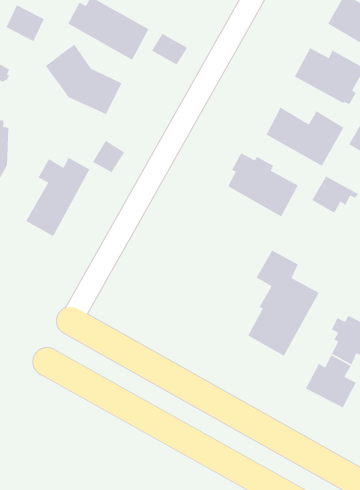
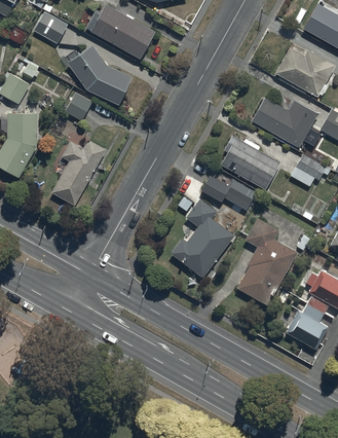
building: [151,33,188,65] -> none
building: [92,140,125,173] -> [65,93,92,120]
building: none -> [201,174,258,210]
building: none -> [170,197,233,278]

